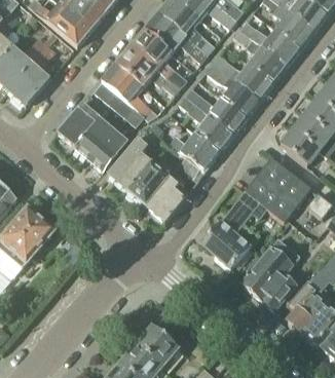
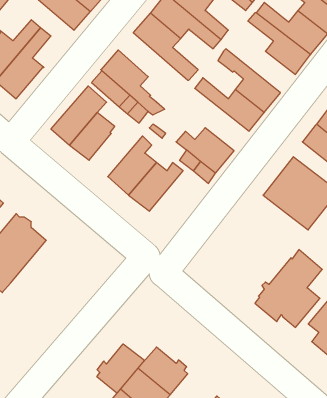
building: [117,46,179,96] -> none
building: [213,53,274,100] -> none
building: [179,96,233,151] -> none
building: [91,129,127,171] -> none
building: [145,168,187,221] -> none
building: [203,189,268,268] -> none
building: none -> [97,344,144,393]

